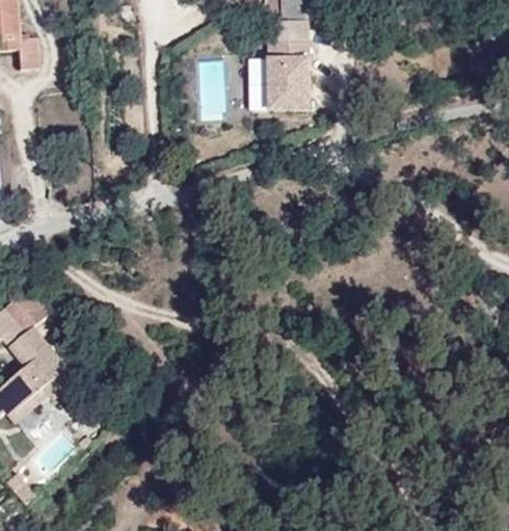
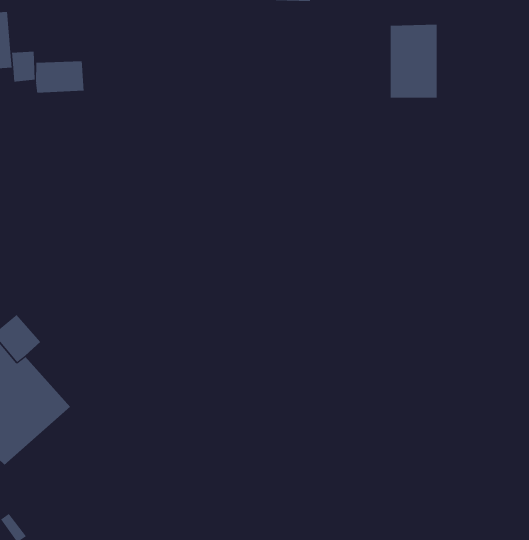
building: [263,45,307,114] -> [390,24,437,98]
building: none -> [36,60,84,93]

